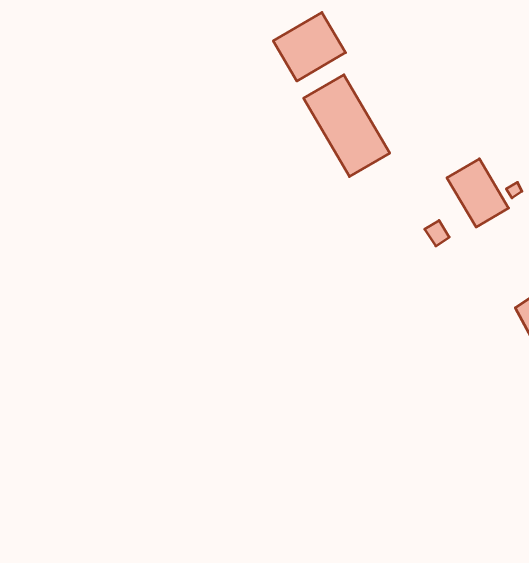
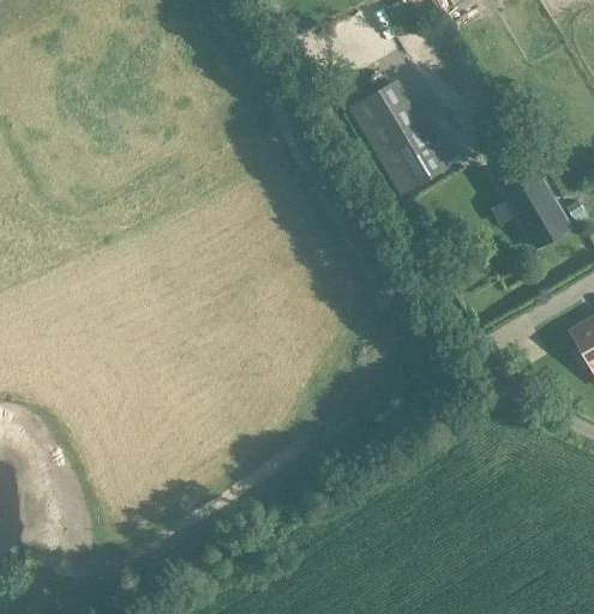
building: [273,12,346,81] -> none

